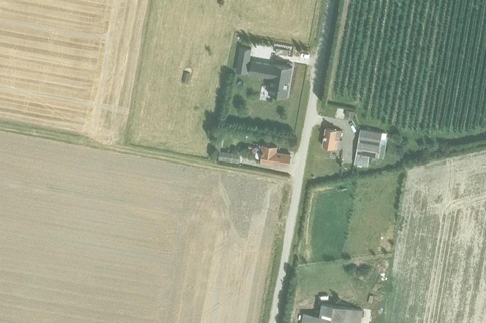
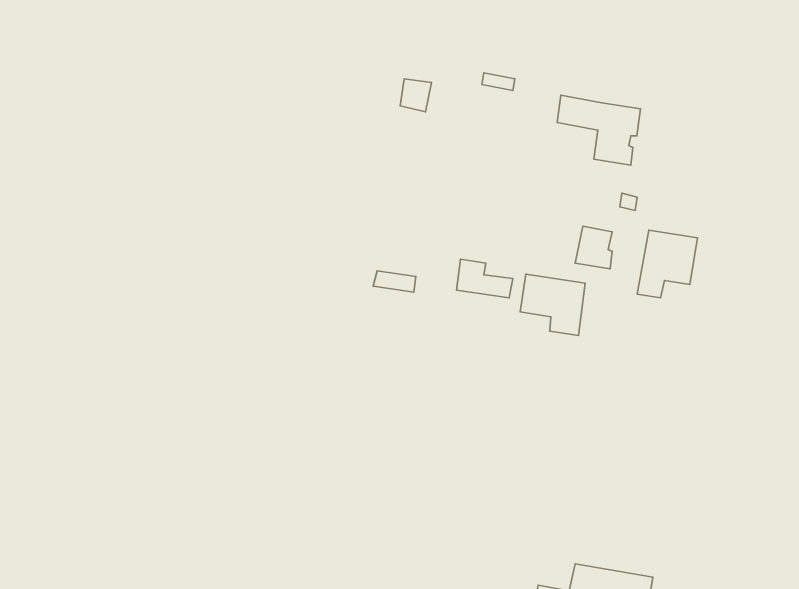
building: [249,61,292,97] -> [557,95,641,165]
building: none -> [520,274,585,335]

